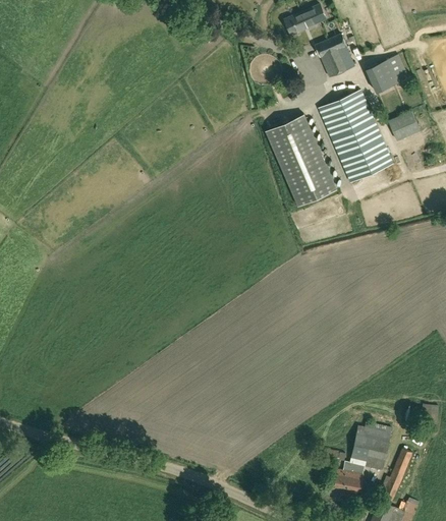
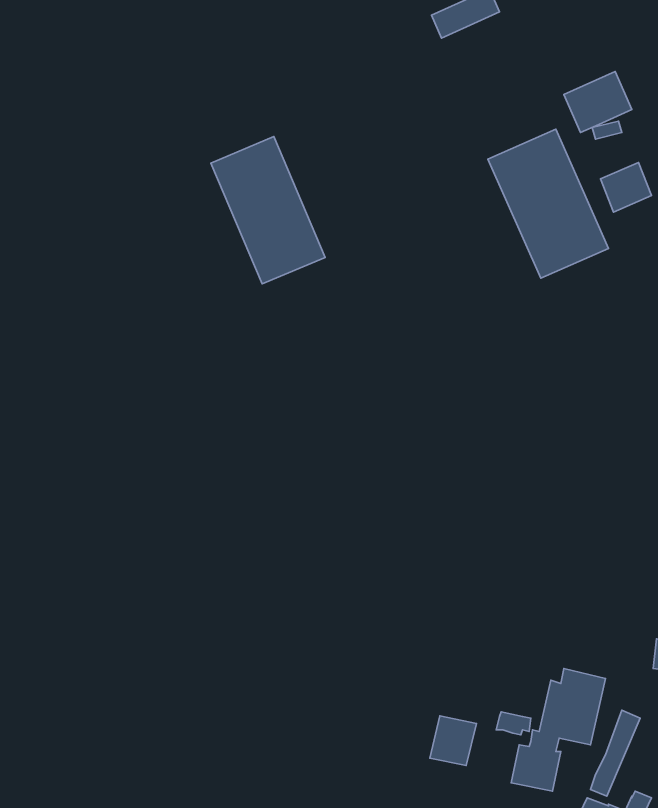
building: [315,34,354,76] -> none
building: [266,115,336,206] -> [211,137,325,284]
building: none -> [430,716,476,766]

